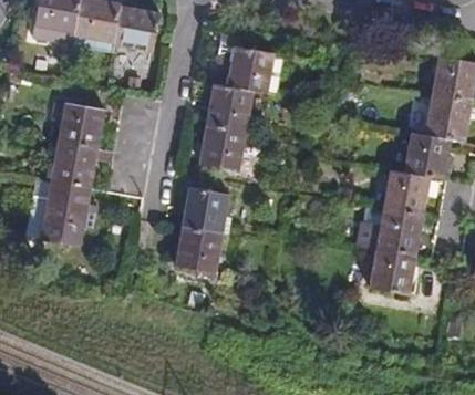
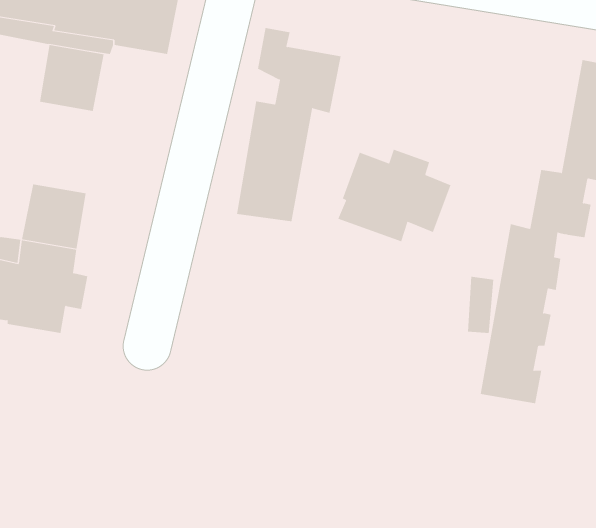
building: [59,101,104,147] -> [39,45,104,112]
building: none -> [338,149,451,242]
building: [176,186,229,271] -> none

